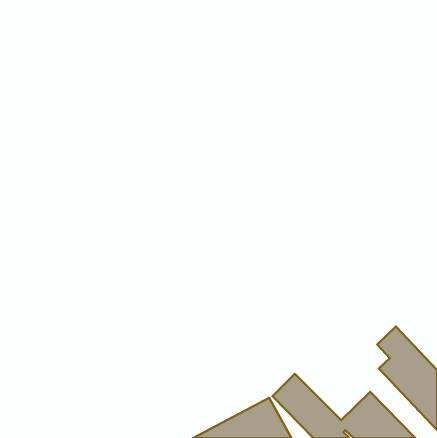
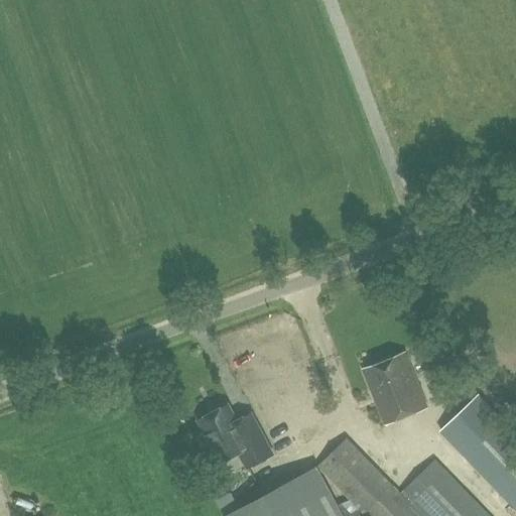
building: none -> [363,353,427,424]
building: none -> [199,405,271,467]

